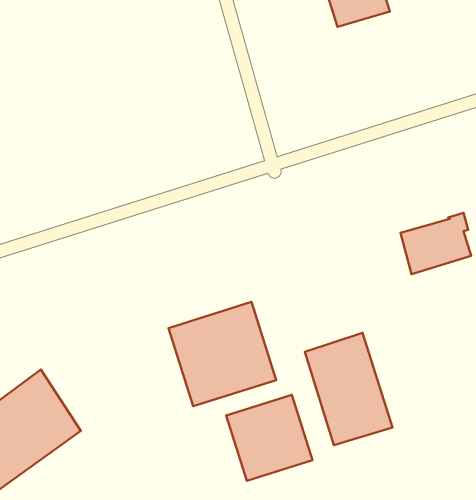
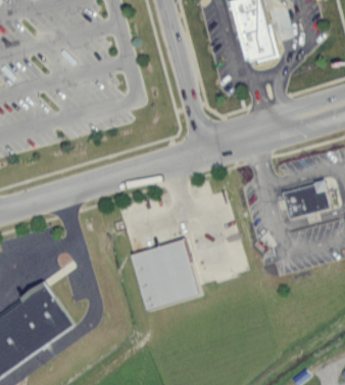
building: [305,333,392,445] -> none
building: [226,395,312,481] -> none

